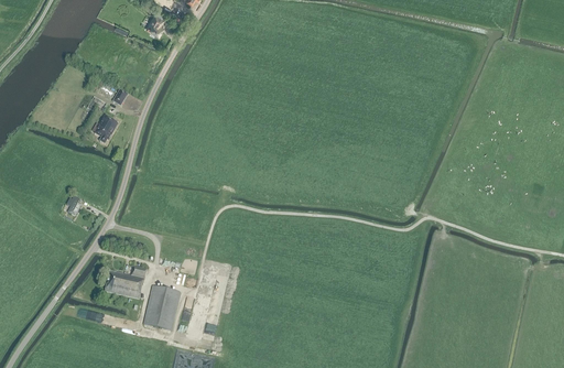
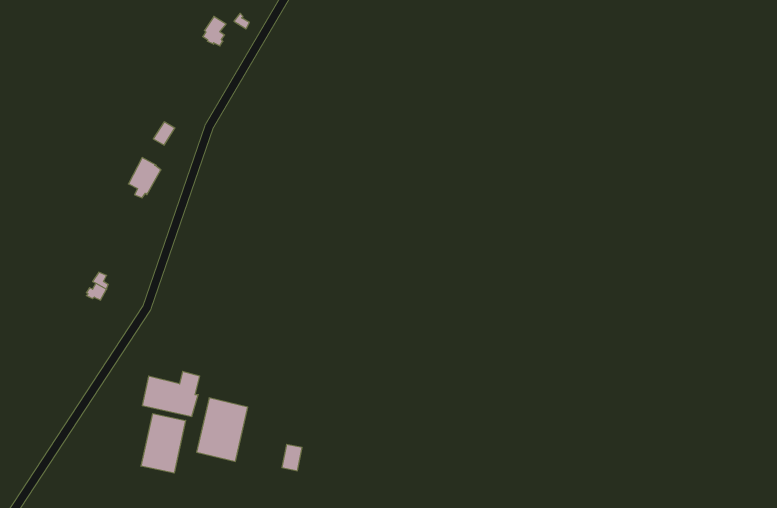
building: none -> [141,414,186,473]

